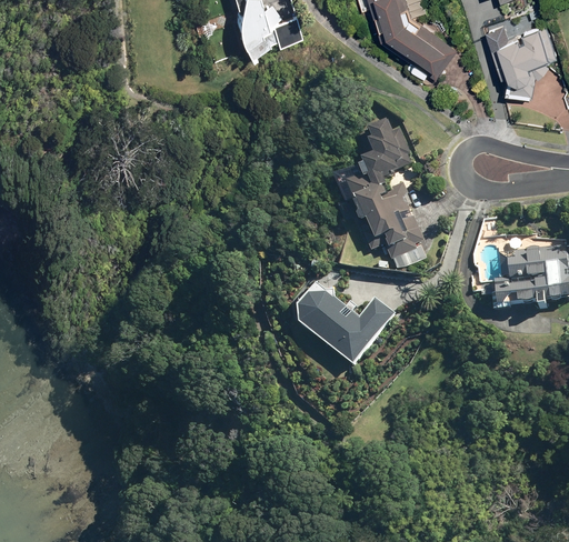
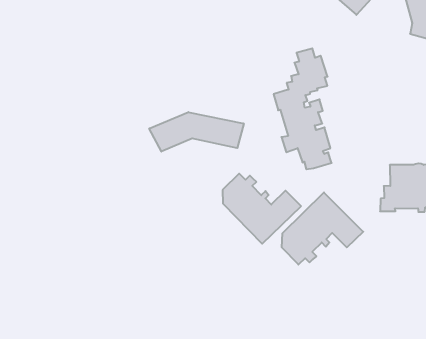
building: none -> [149,112,244,152]
building: none -> [282,192,363,265]

